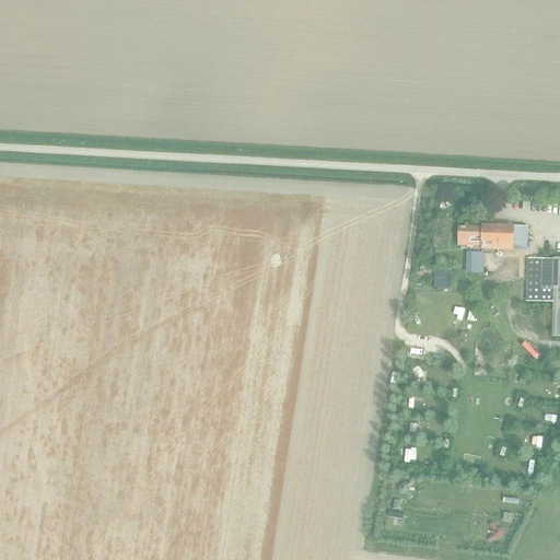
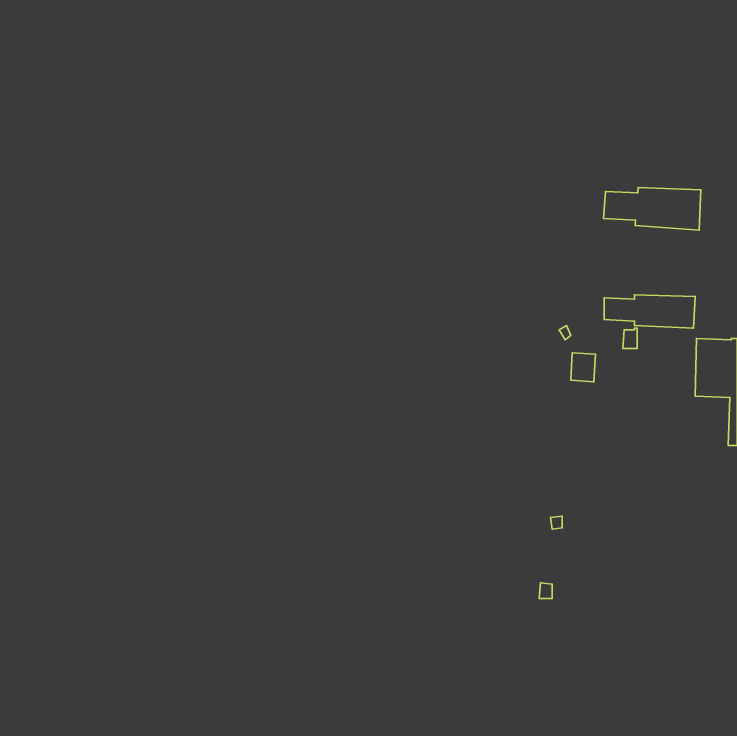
building: none -> [603,187,701,230]

